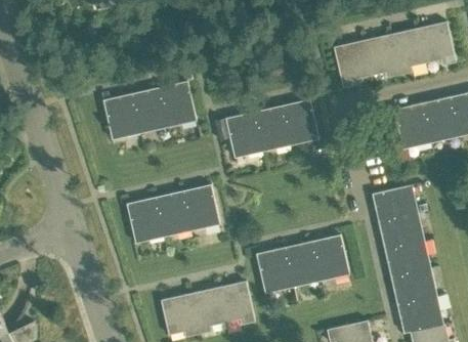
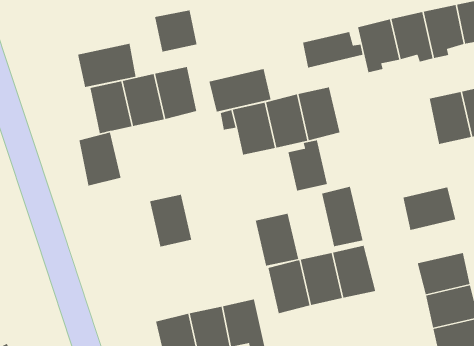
building: none -> [154,10,198,52]
building: none -> [302,31,363,69]
building: none -> [77,43,136,88]
building: none -> [208,68,272,113]
building: none -> [288,139,328,191]
building: none -> [321,186,363,247]
building: [182,184,220,230] -> [255,213,299,267]
building: [127,197,164,244] -> [78,132,121,186]
building: [378,213,424,250] -> none

